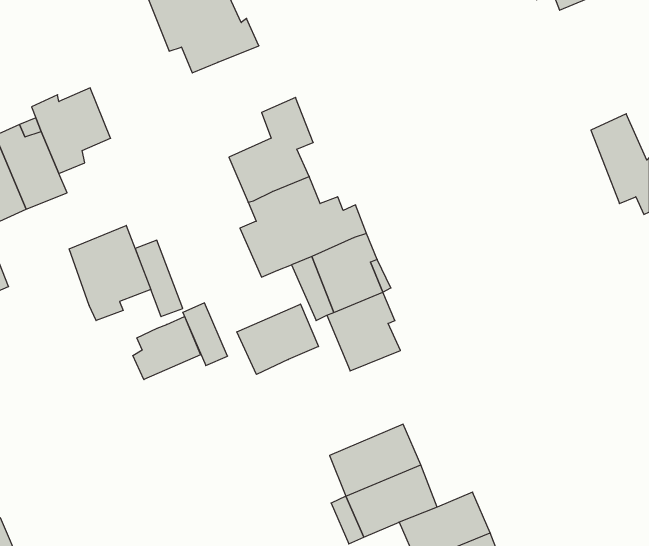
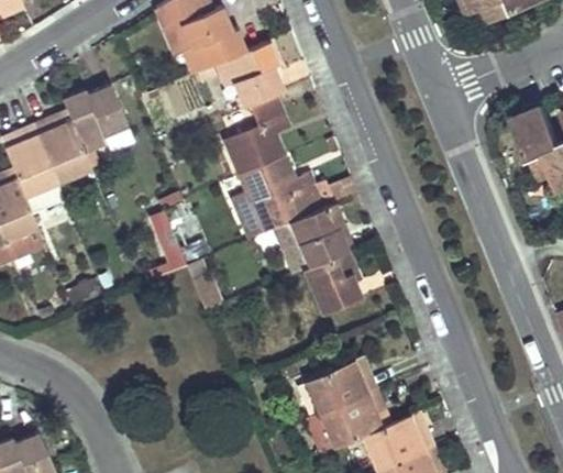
building: none -> [213,41,283,108]
building: [69,225,151,321] -> none
building: [237,304,318,374] -> none
building: [133,316,200,380] -> none

